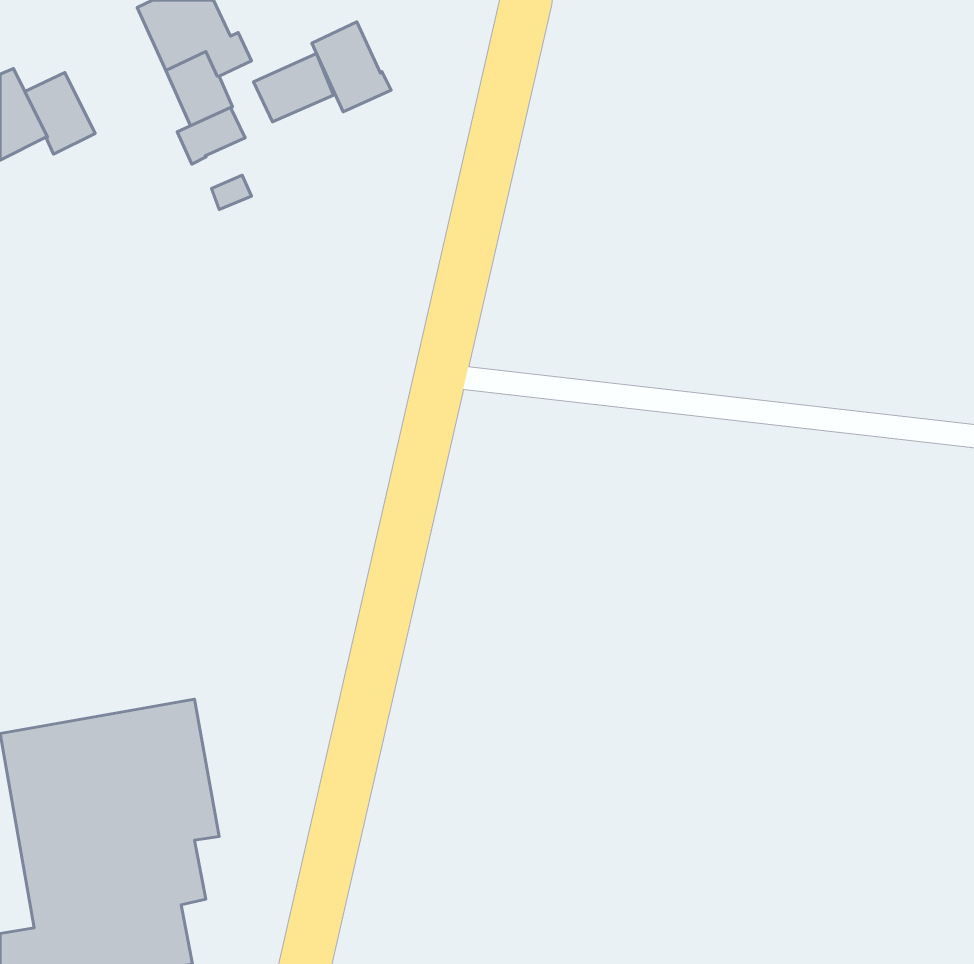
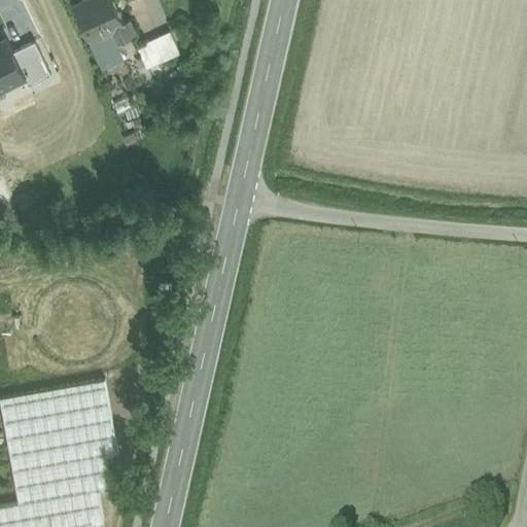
building: [312,22,391,112] -> none
building: [177,108,245,164] -> none

